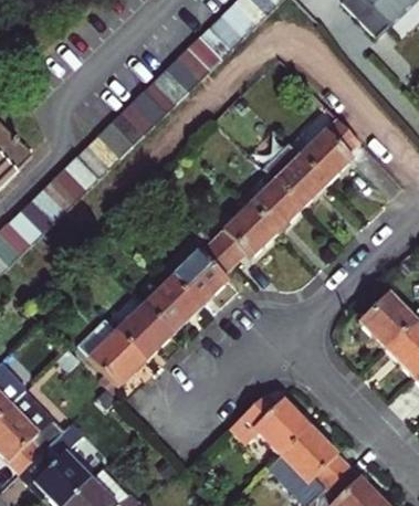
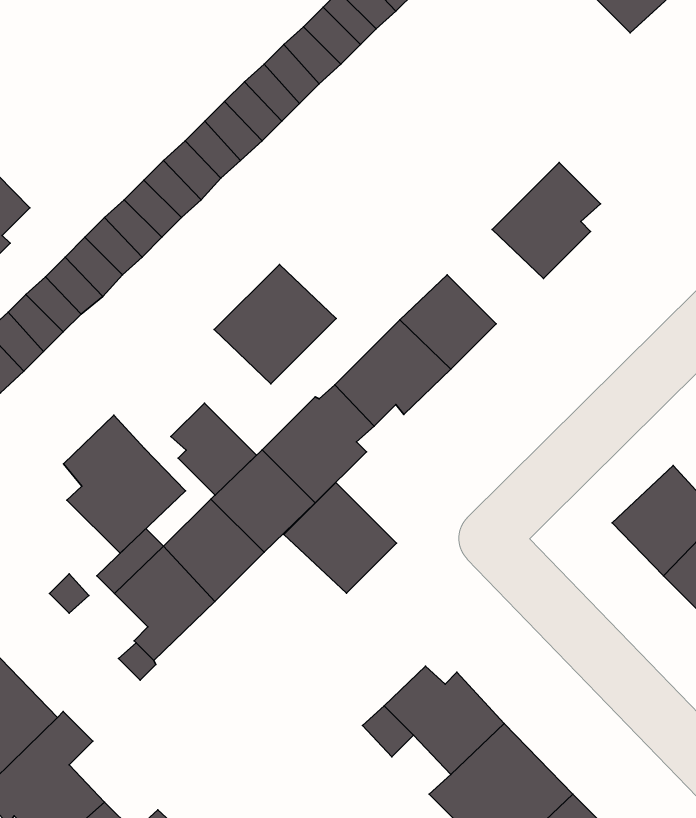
building: [261,141,328,208] -> none
building: none -> [214,264,336,384]
building: none -> [171,403,257,495]
building: none -> [64,415,185,553]
building: none -> [284,482,397,593]

